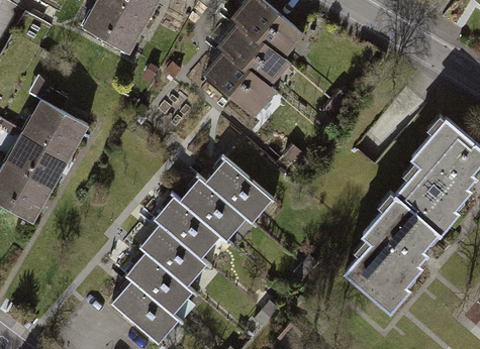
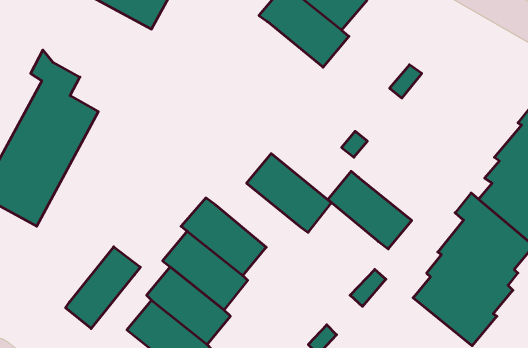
building: [201,51,274,120] -> none
building: [180,179,249,242] -> [328,171,412,249]
building: none -> [66,247,140,329]

